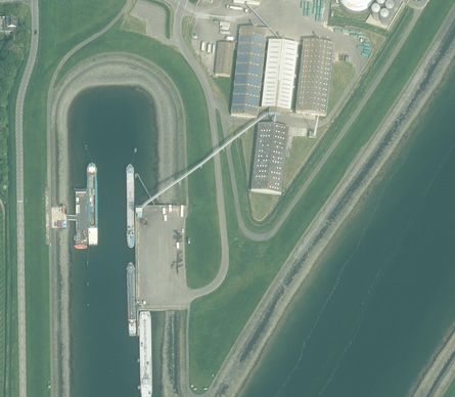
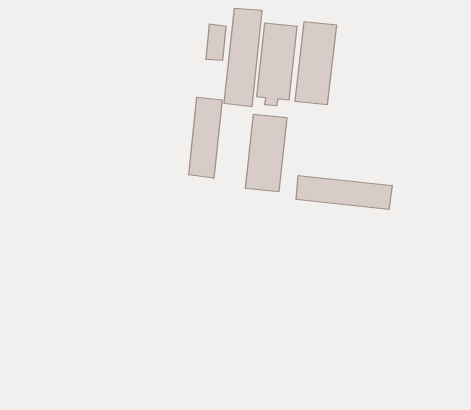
building: none -> [189,97,222,178]
building: none -> [296,175,392,209]

